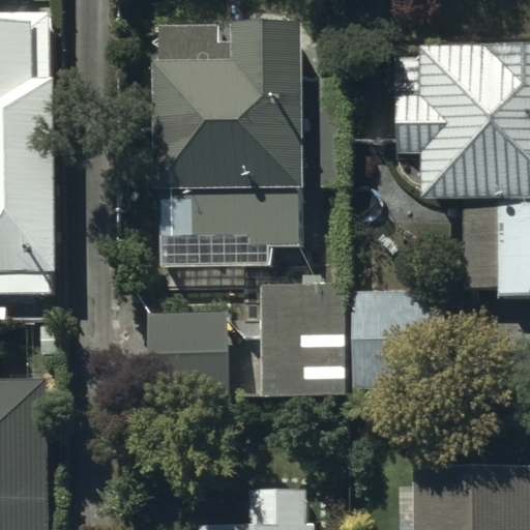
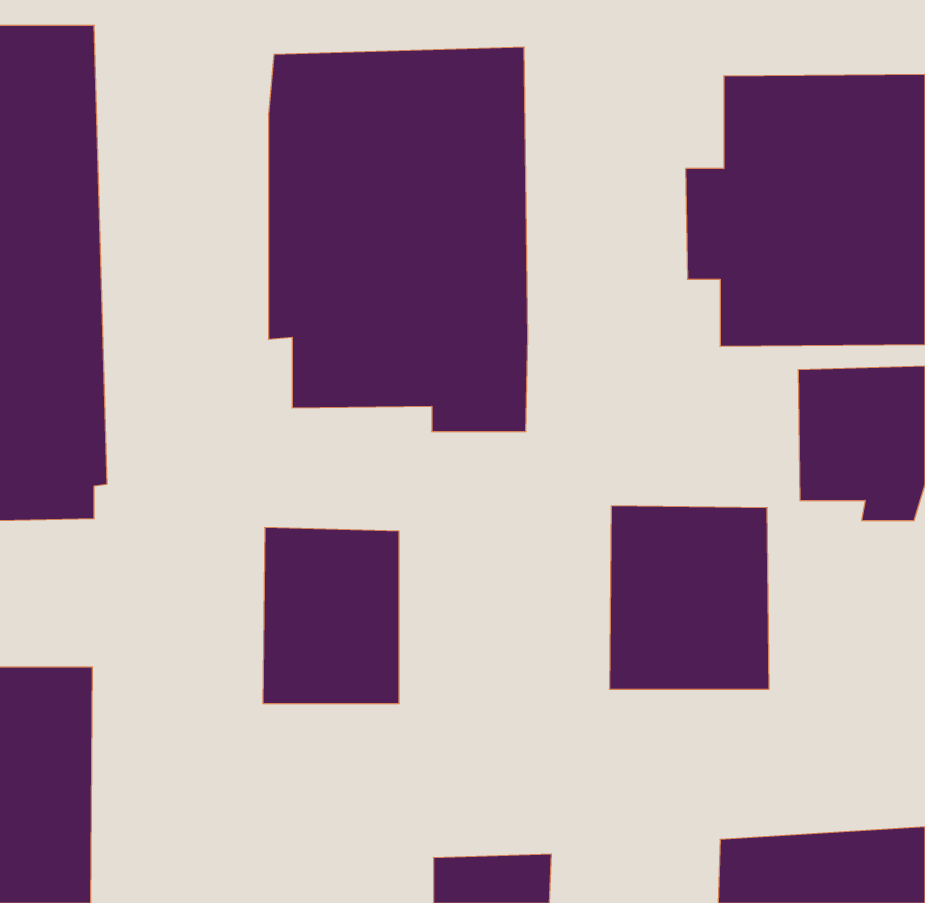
building: [256,281,346,401] -> none

